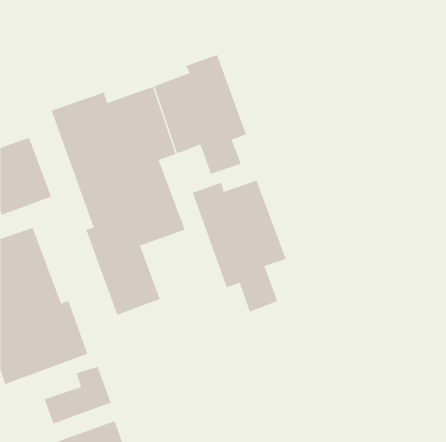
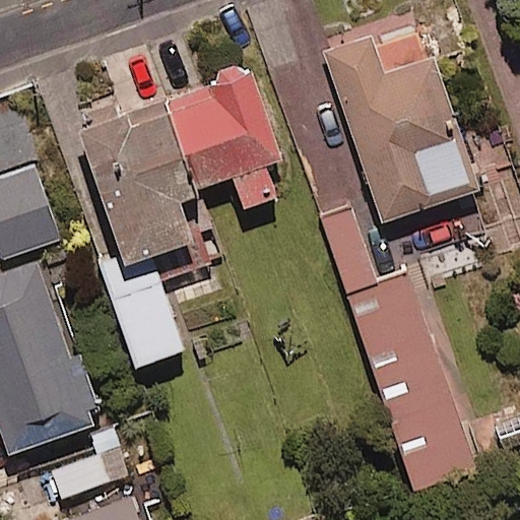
building: none -> [325,32,479,220]
building: none -> [321,208,474,472]
building: [192,180,287,312] -> none

